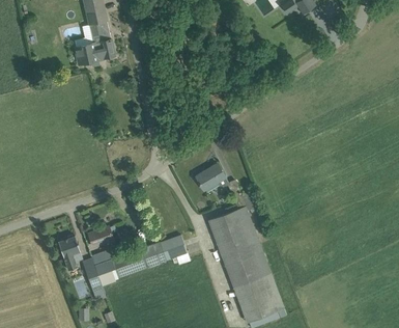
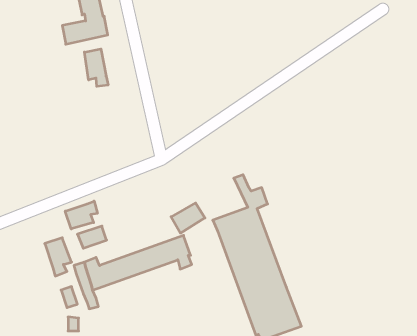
building: none -> [84,49,108,86]
building: [195,164,225,191] -> [171,203,205,233]
building: none -> [65,201,97,229]

